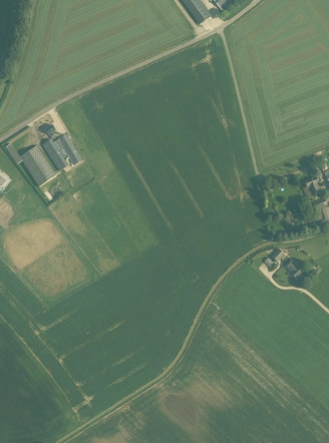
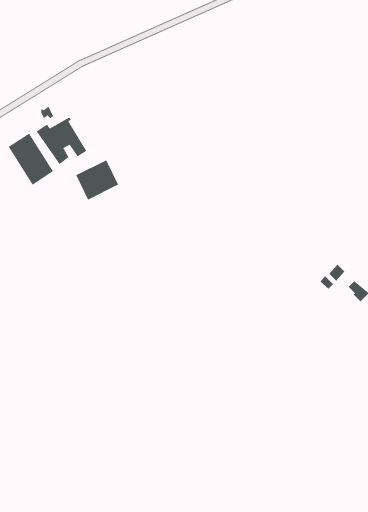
building: none -> [75,159,119,200]

